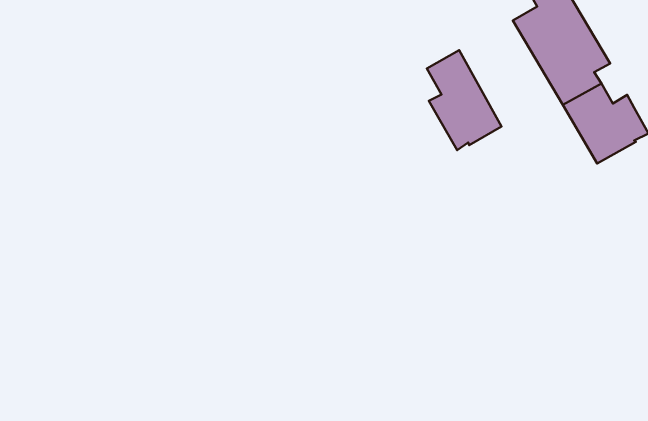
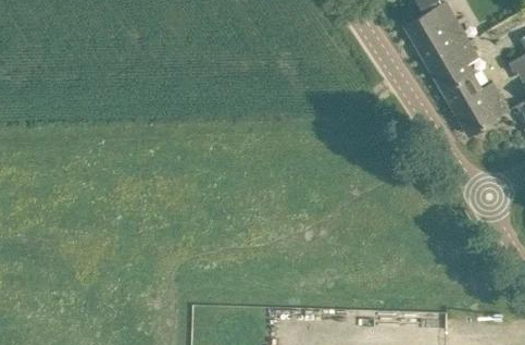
building: [427,50,501,150] -> none

